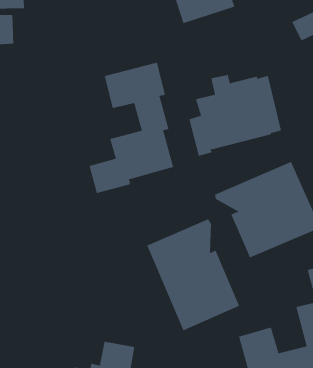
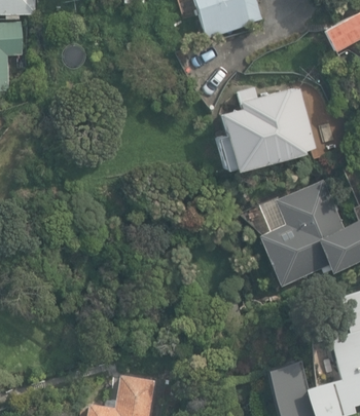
building: [89,62,174,194] -> none
building: [146,218,240,331] -> none

